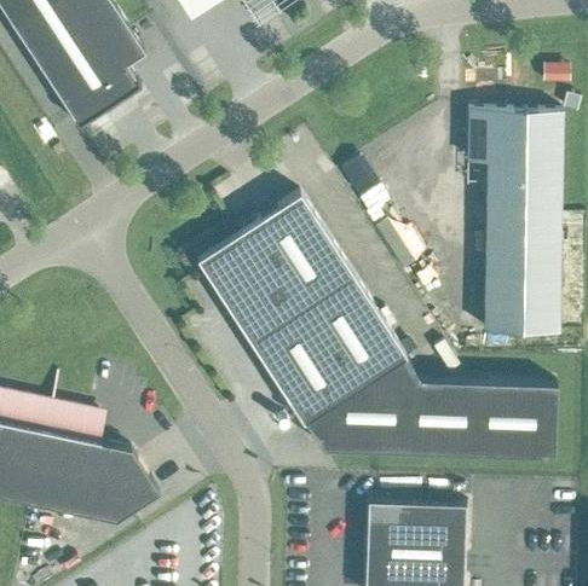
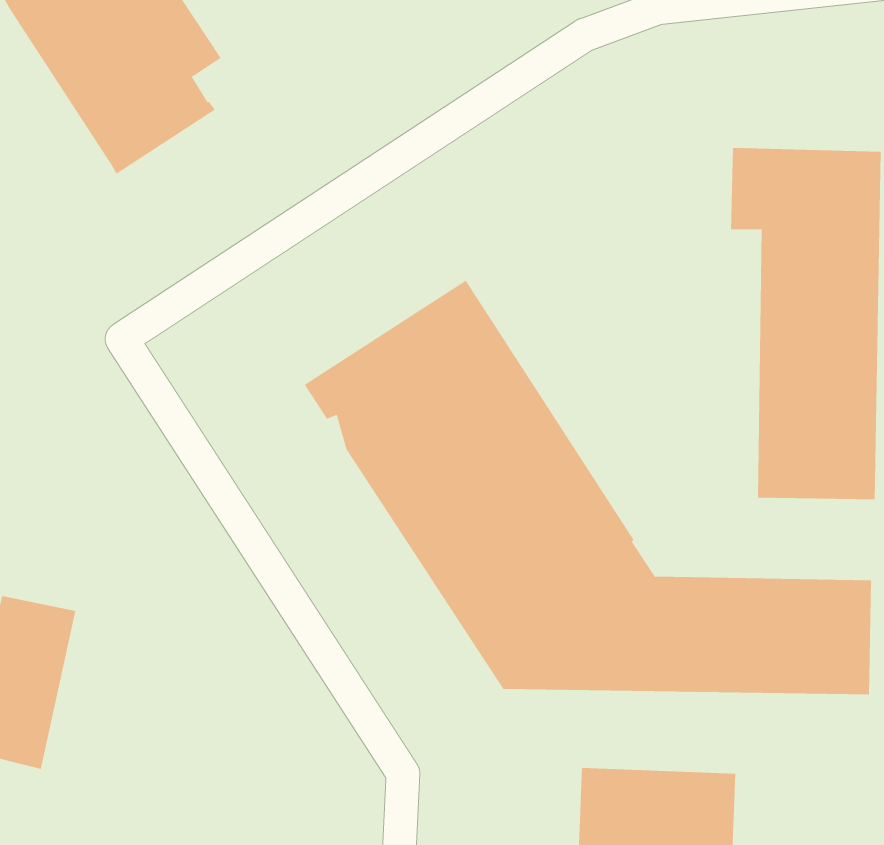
building: [31,405,160,522] -> none

